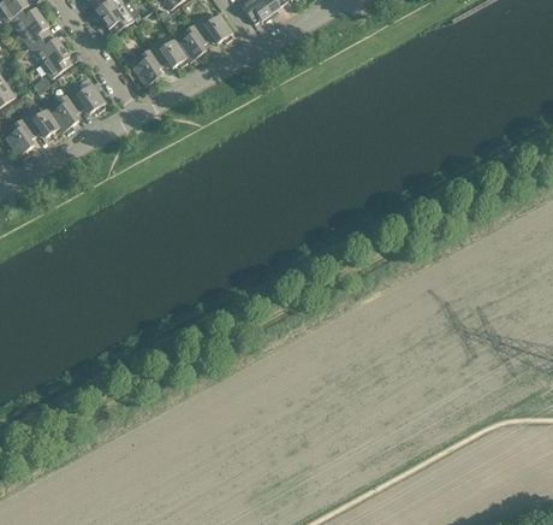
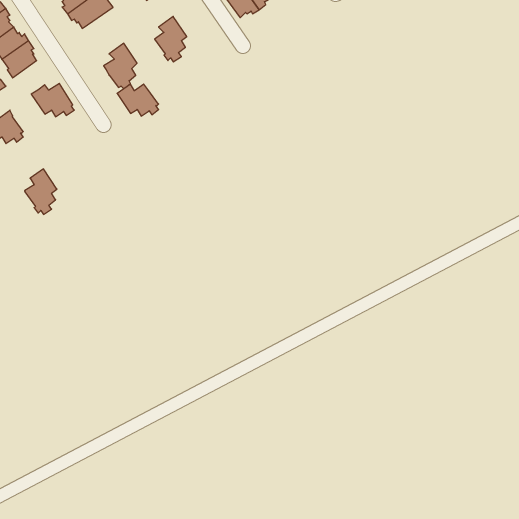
building: [194,13,231,43] -> none
building: [149,39,186,67] -> [117,84,159,116]
building: [49,93,78,134] -> [25,169,57,214]

